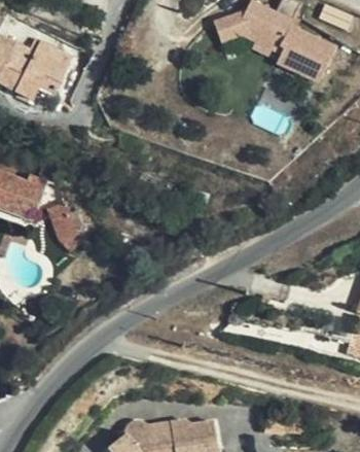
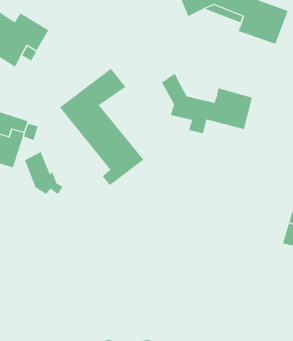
building: none -> [59,68,144,186]
building: none -> [161,73,253,134]

